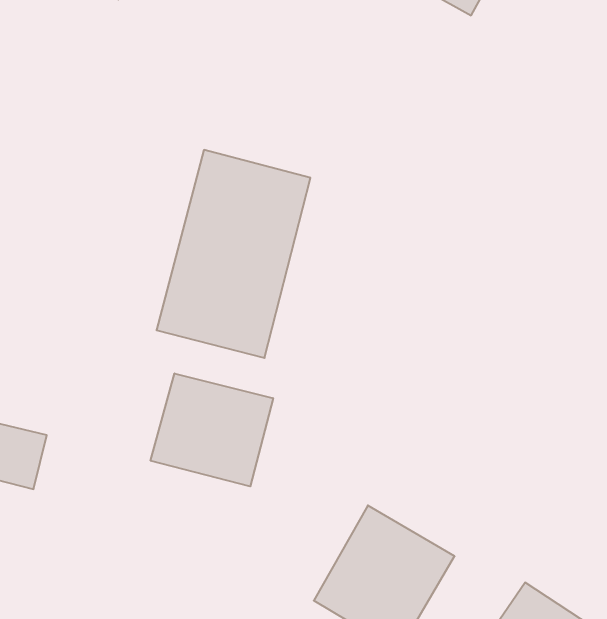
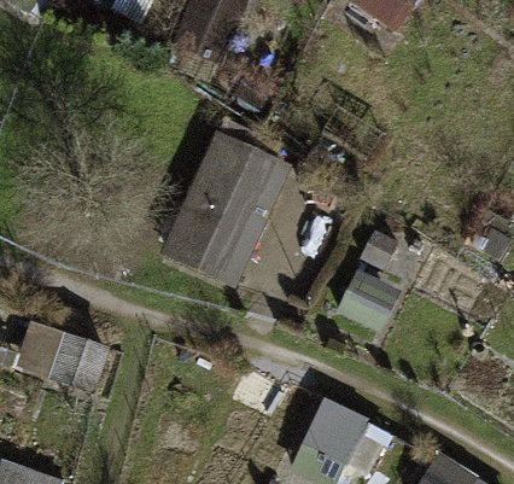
building: [151,373,273,486] -> none

